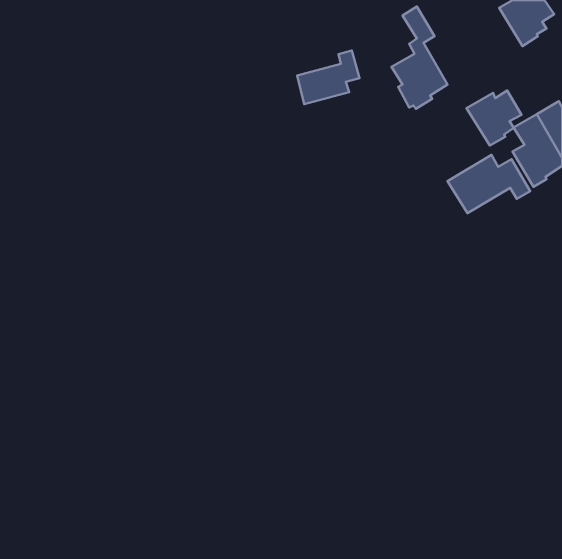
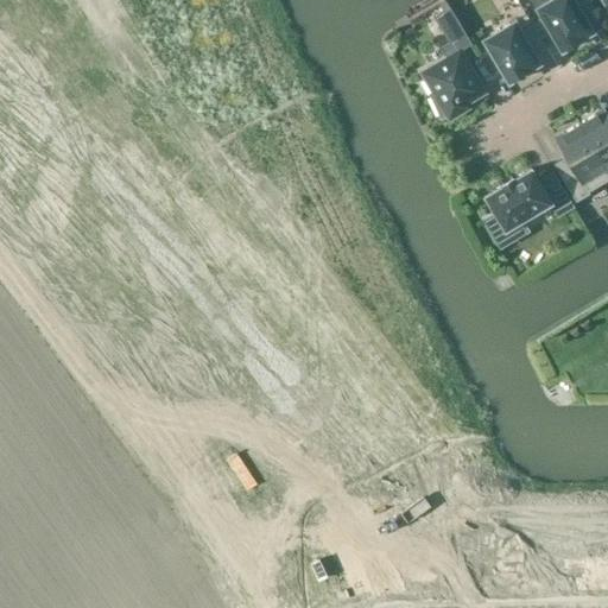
building: [297,50,359,104] -> none
building: [467,91,522,145] -> [486,24,545,83]

